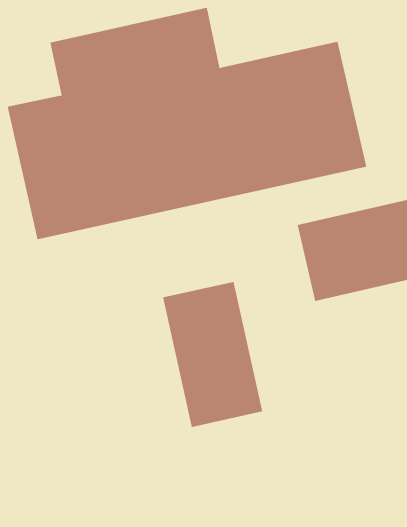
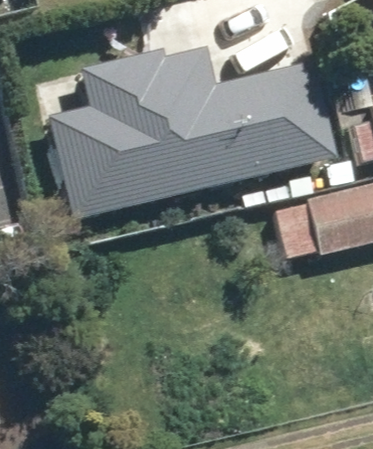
building: [163,281,263,428] -> none

